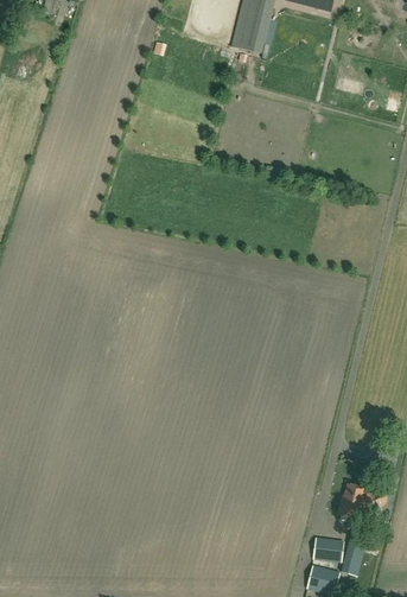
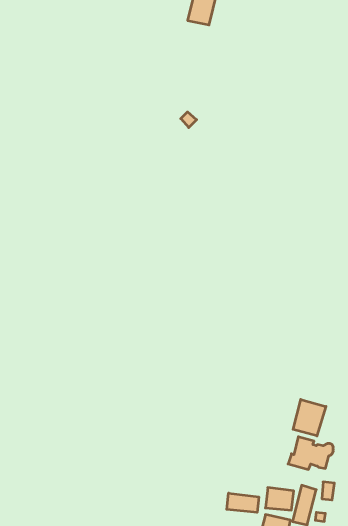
building: none -> [293,399,326,436]
building: none -> [227,493,259,512]

